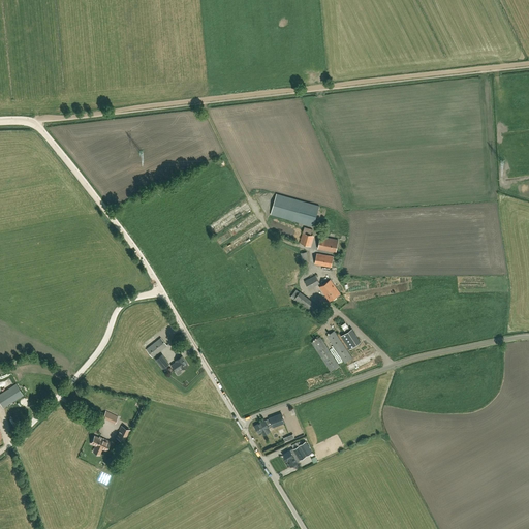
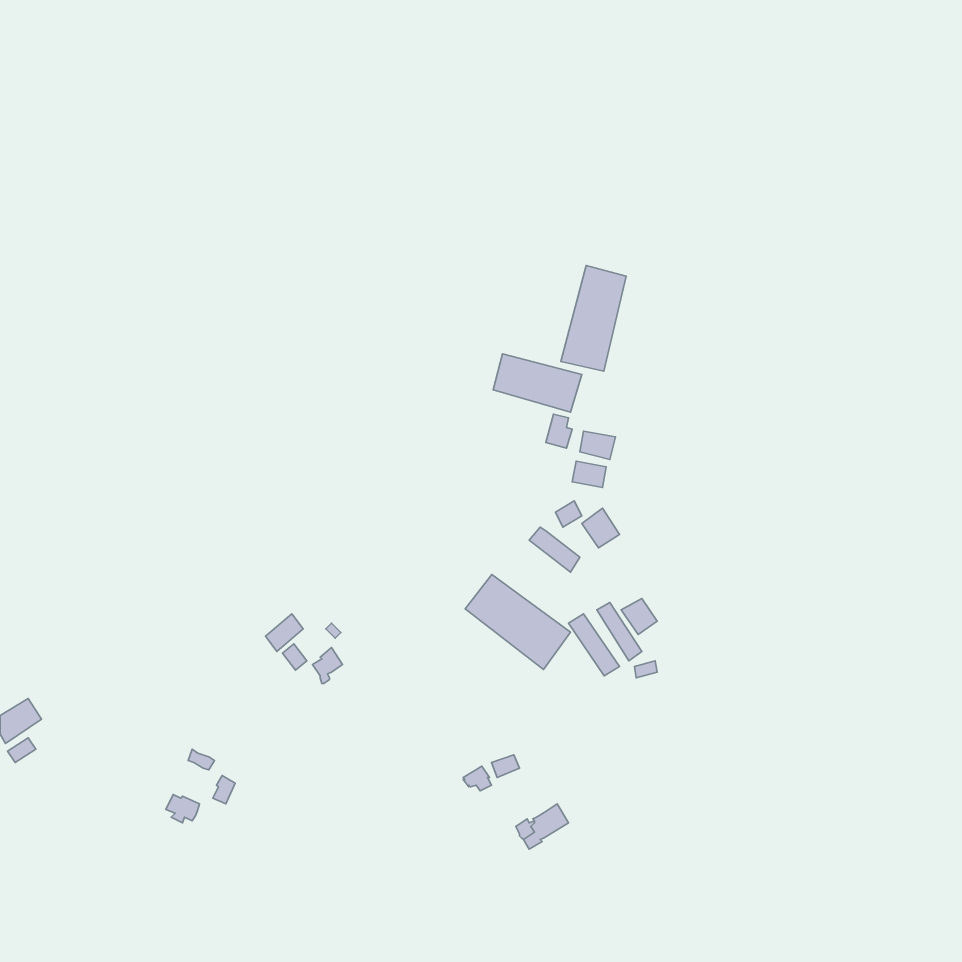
building: none -> [561,266,626,371]
building: none -> [465,575,570,670]

